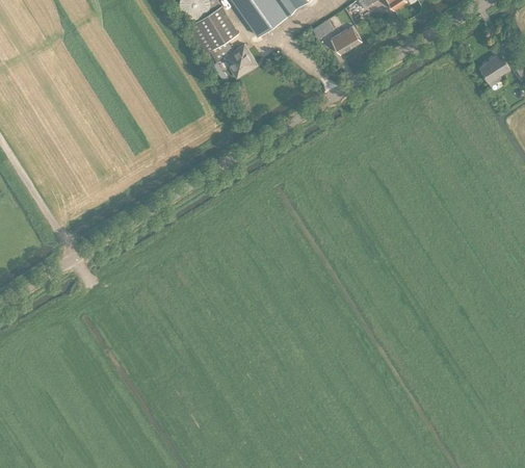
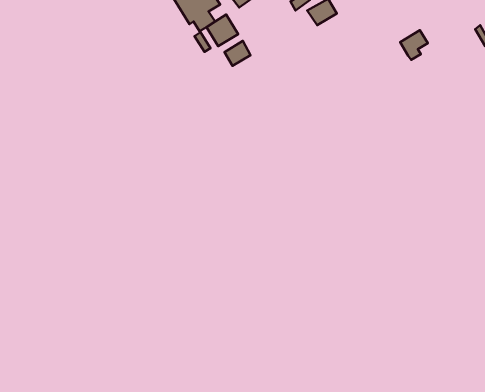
building: [479,53,508,84] -> [400,30,428,60]
building: none -> [224,41,250,66]

